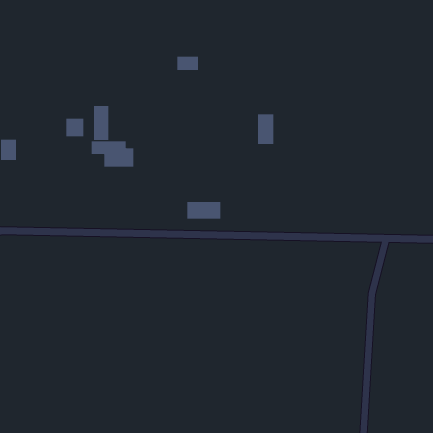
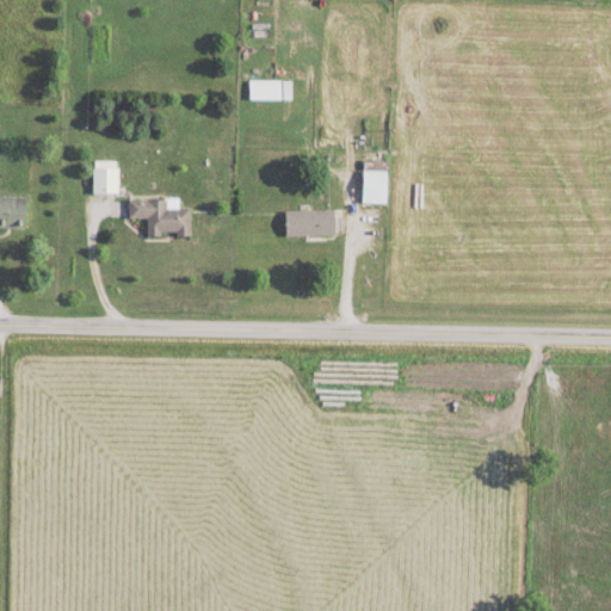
building: [94,105,109,141] -> none
building: [186,201,221,219] -> [285,211,334,236]

